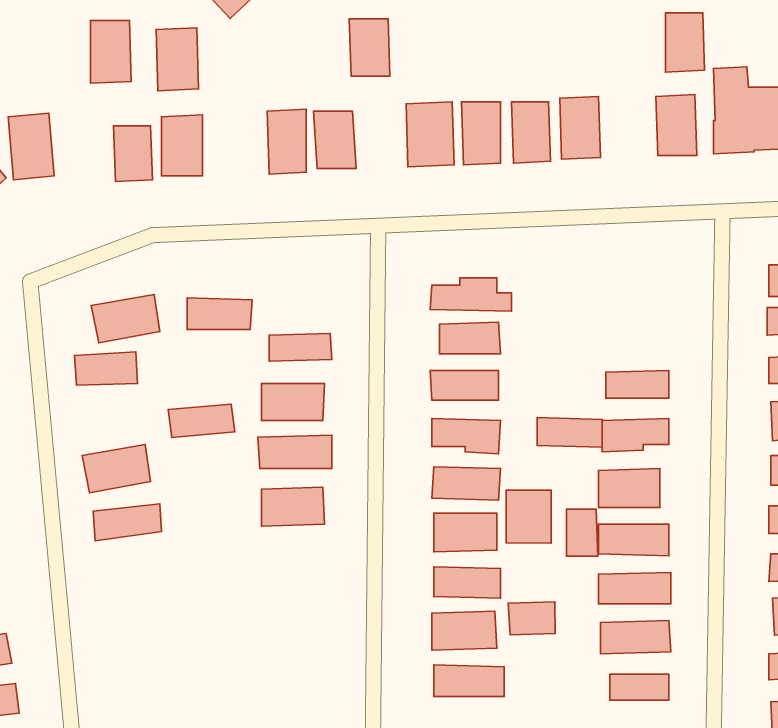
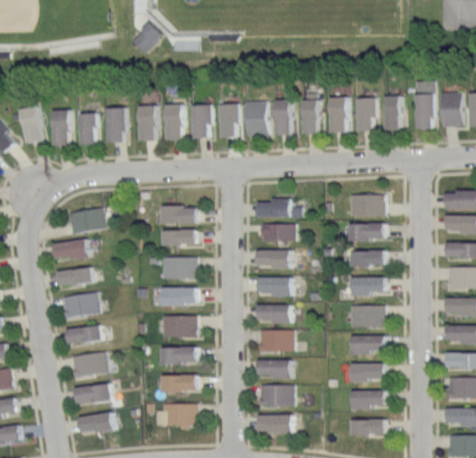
building: [666,13,705,72] -> [355,97,376,131]
building: [349,19,390,76] -> [217,104,240,136]
building: [91,20,131,83] -> [50,110,73,145]
building: [156,28,199,91] -> [135,105,159,140]
building: none -> [347,194,383,216]
building: [187,298,252,329] -> [164,205,200,223]
building: [168,404,235,437] -> [57,267,94,286]
building: [537,418,602,447] -> [352,223,388,239]
building: [506,490,551,543] -> none
building: [567,509,598,556] -> none
building: none -> [164,346,199,363]
building: none -> [69,352,106,376]
building: none -> [164,374,199,392]
building: [508,602,555,635] -> none
building: none -> [73,384,113,403]
building: none -> [153,403,196,427]
building: none -> [77,411,117,434]

